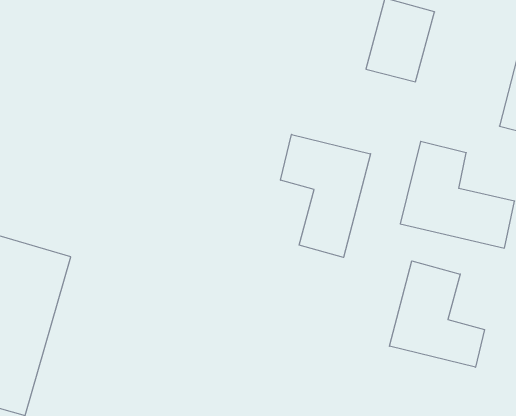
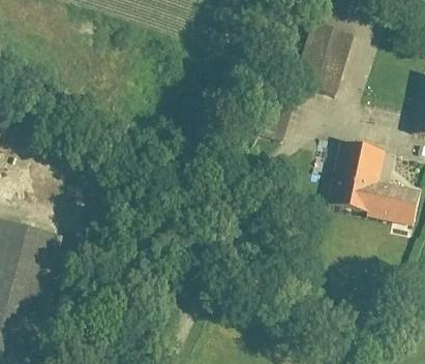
building: [281,134,371,257] -> none
building: [389,261,485,367] -> none

